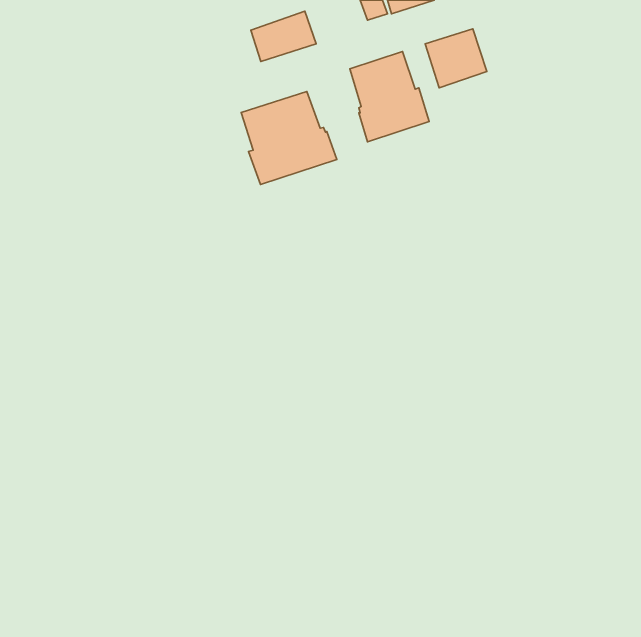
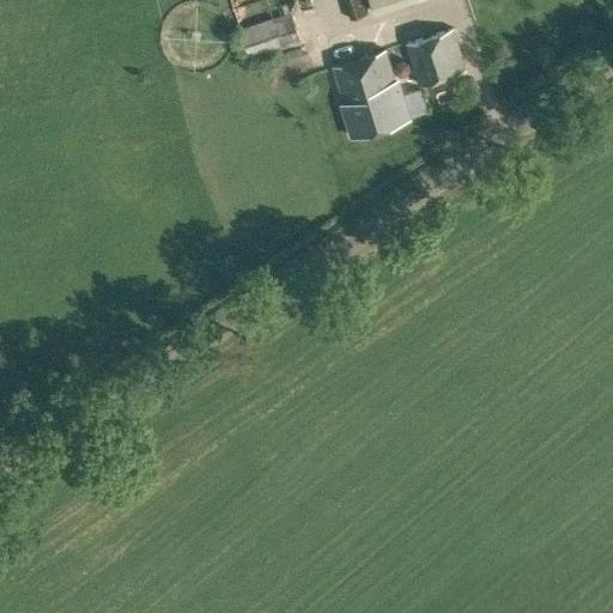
building: [241,91,337,185] -> none

